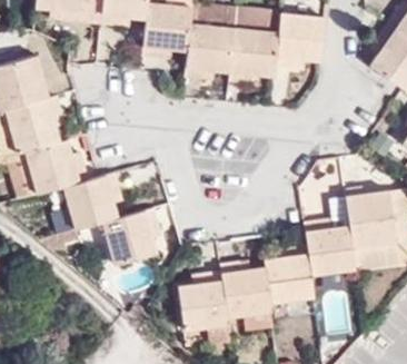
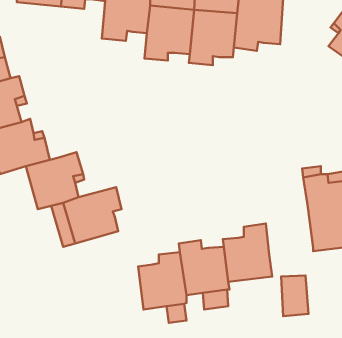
building: [305,217,356,274] -> none

